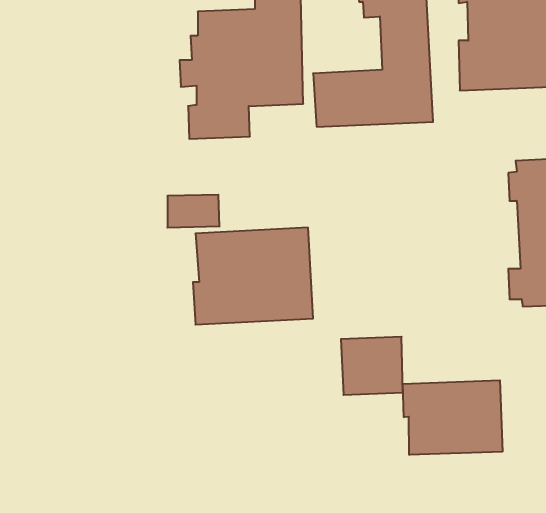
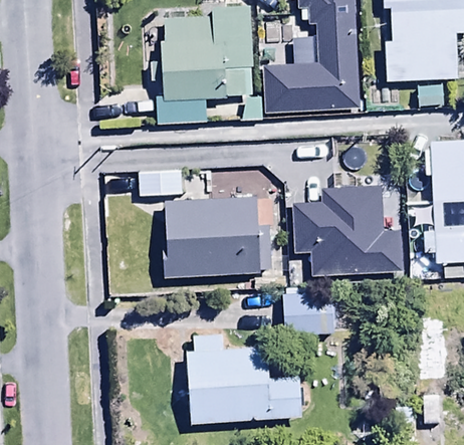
building: none -> [293,177,400,275]
building: [403,380,502,455] -> none
building: none -> [188,333,304,425]

